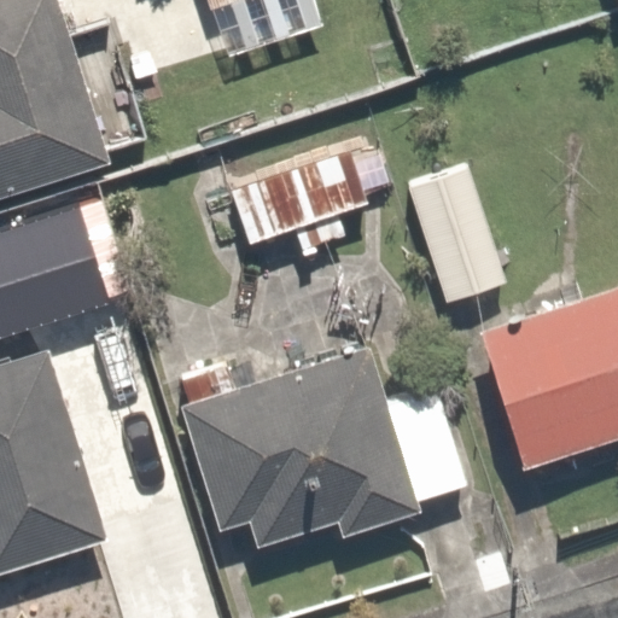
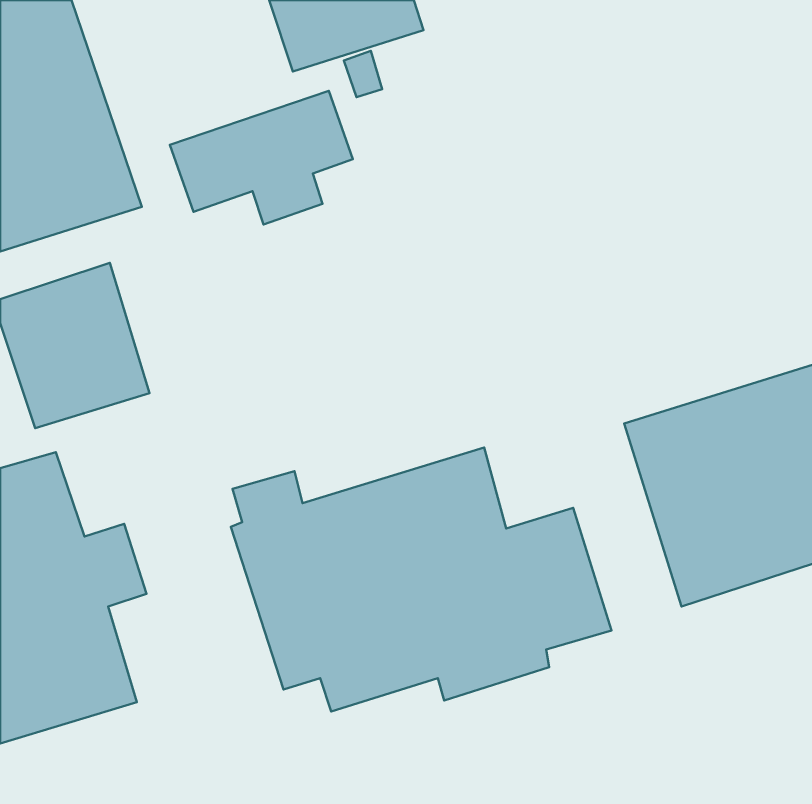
building: [228,152,367,253] -> [170,91,353,225]
building: [407,167,507,303] -> none

